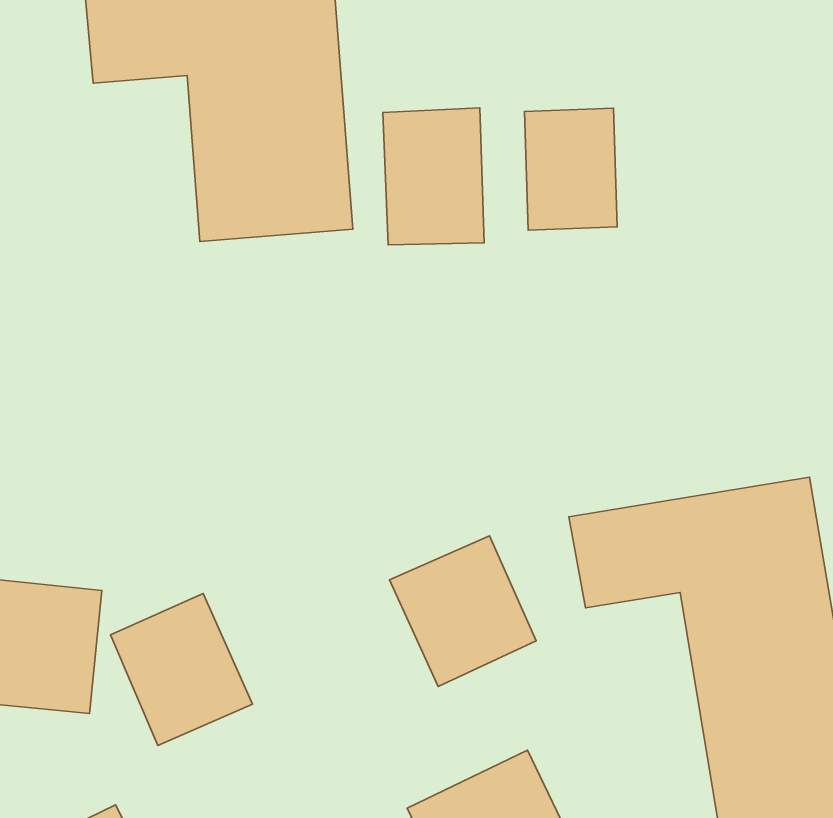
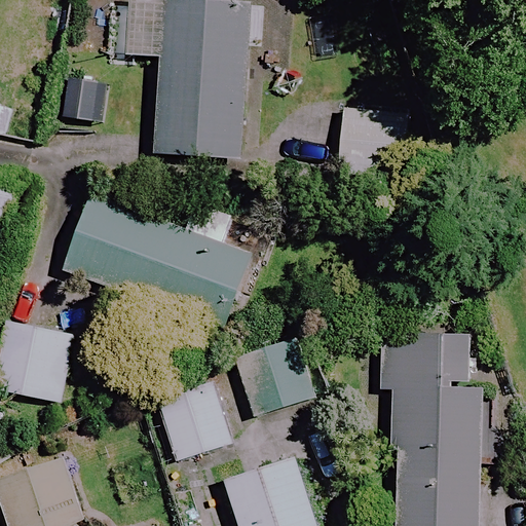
building: [383,108,484,245] -> none
building: none -> [62,200,268,328]
building: [110,594,253,745] -> [157,381,230,461]

